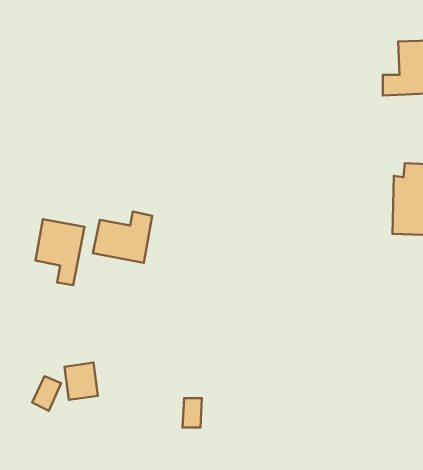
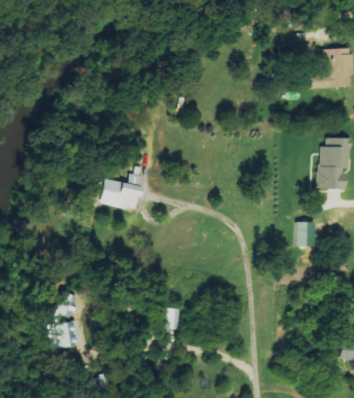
building: [36,219,85,285] -> none
building: none -> [294,222,314,246]
building: [65,363,98,400] -> [55,321,79,348]

